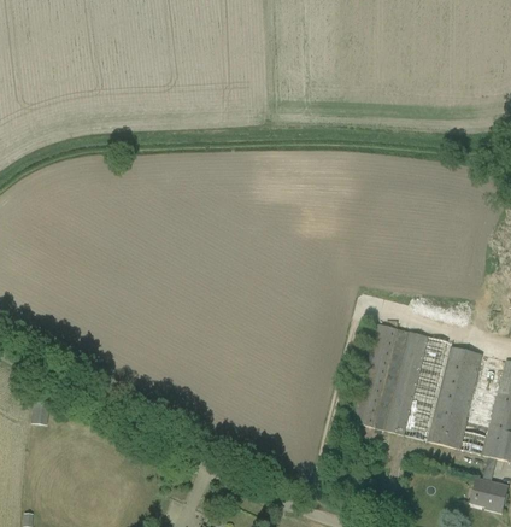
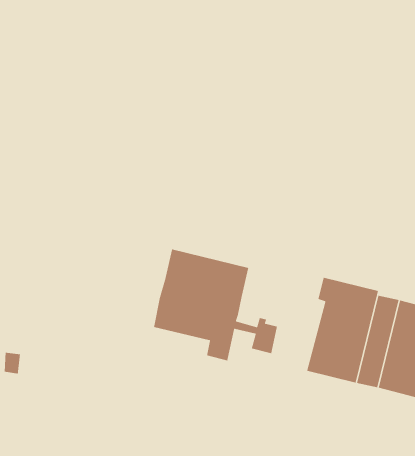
building: none -> [153,249,278,362]

